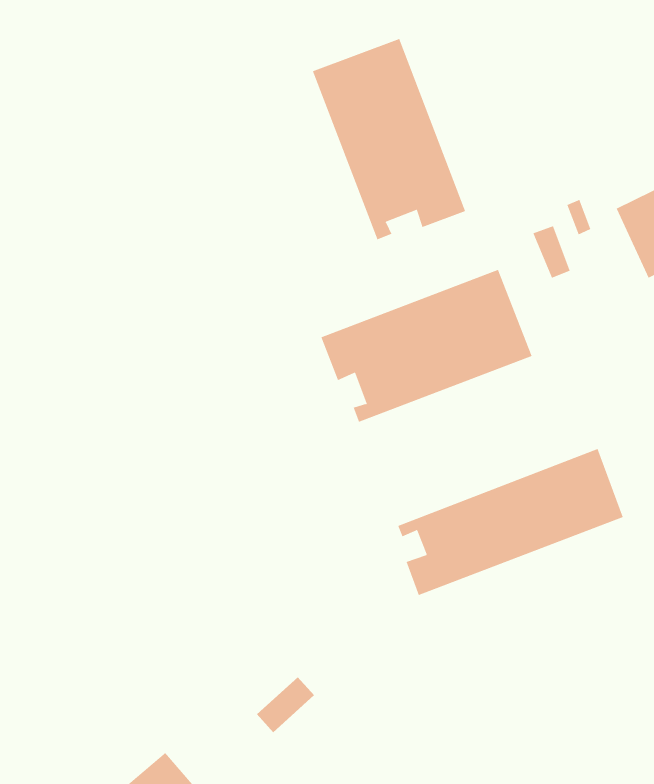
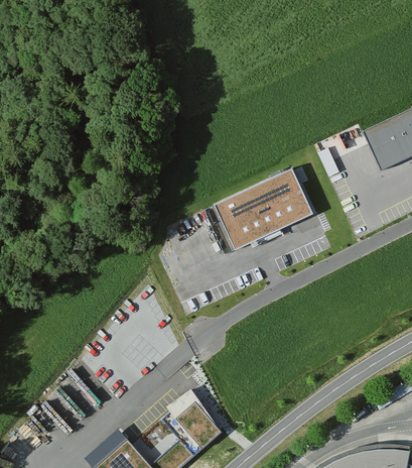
building: [312,38,466,240] -> none
building: [398,448,624,596] -> none

